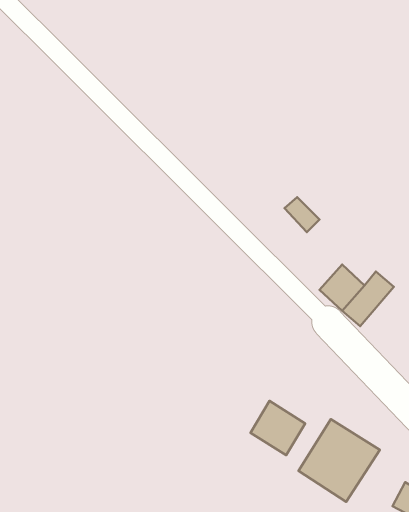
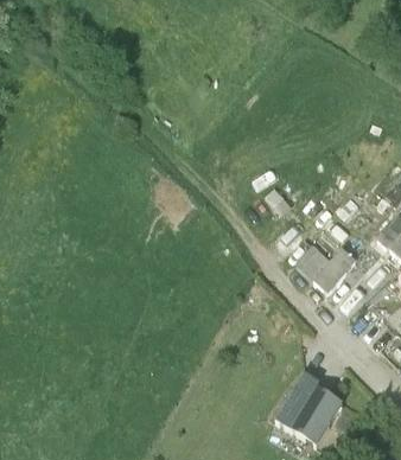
building: [251,401,305,455] -> none

